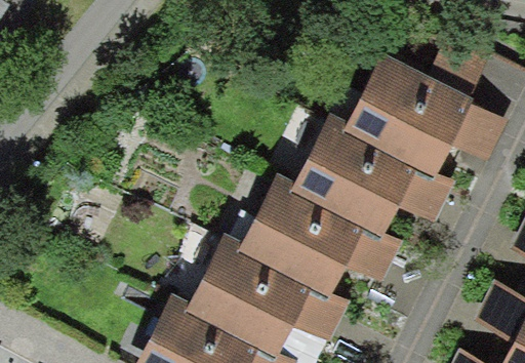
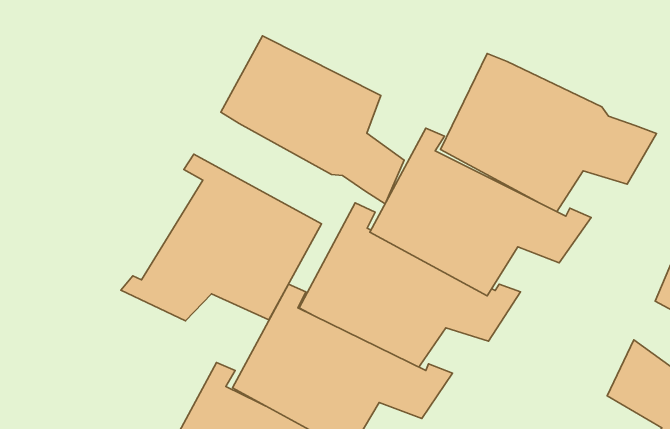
building: none -> [221,36,404,204]
building: none -> [121,154,321,321]

